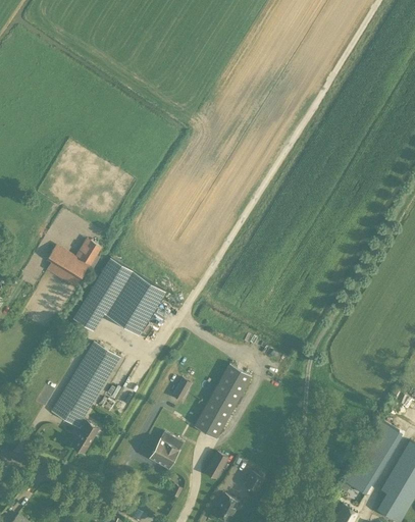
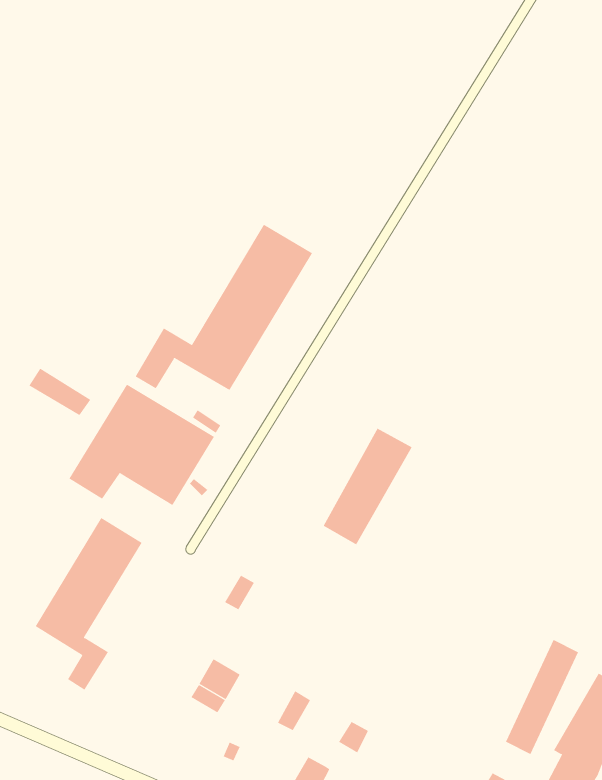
building: none -> [135,224,313,391]
building: [74,239,101,266] -> none
building: [194,364,251,438] -> [323,428,413,545]

